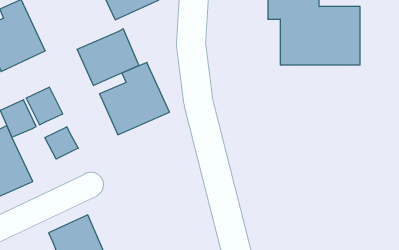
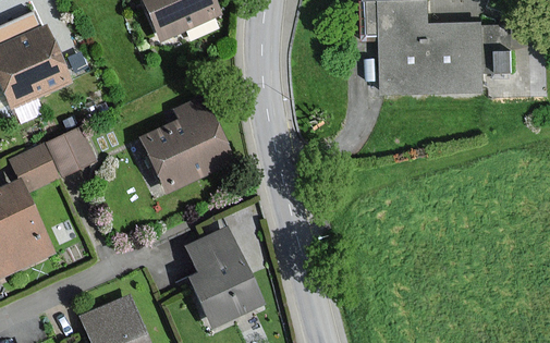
building: [77,29,139,86] -> none
building: [45,127,78,159] -> none
building: none -> [186,225,262,326]

